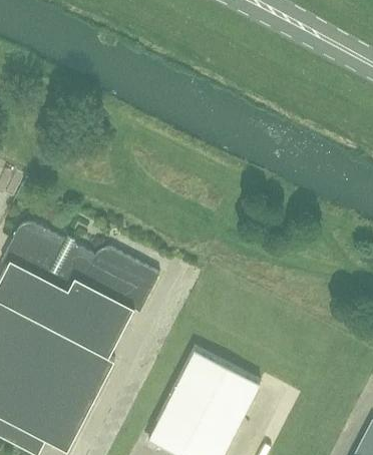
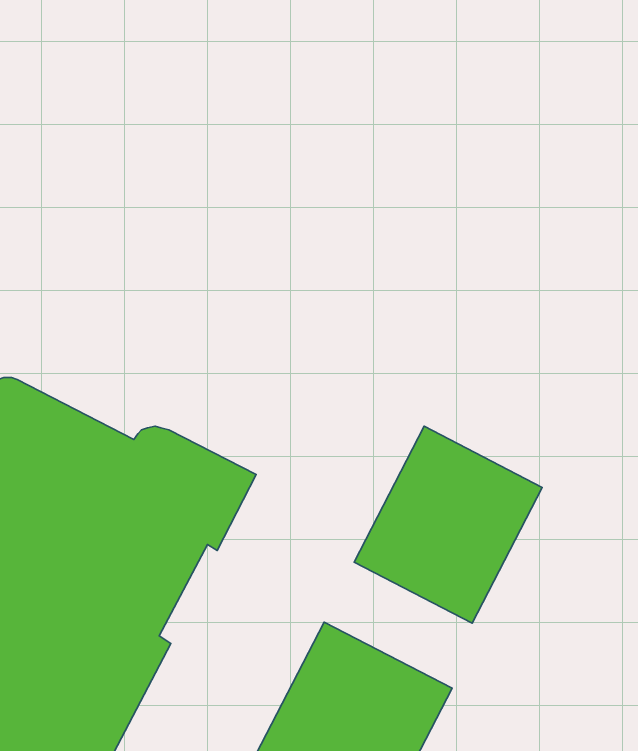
building: none -> [354,426,542,623]

